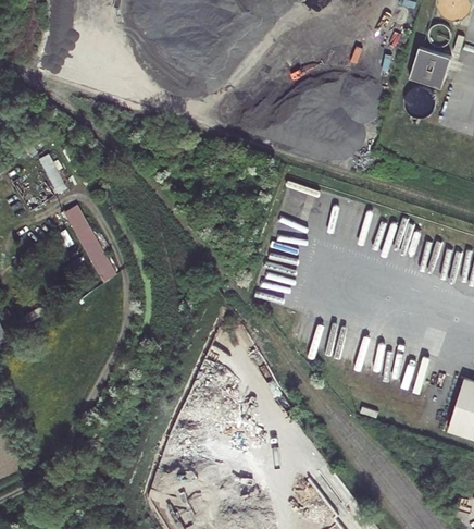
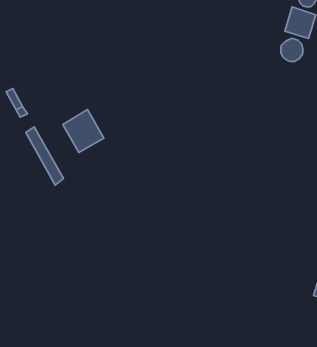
building: none -> [63,109,104,152]

